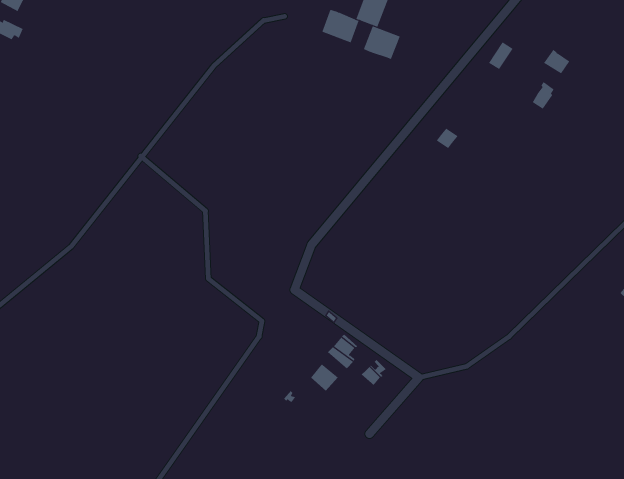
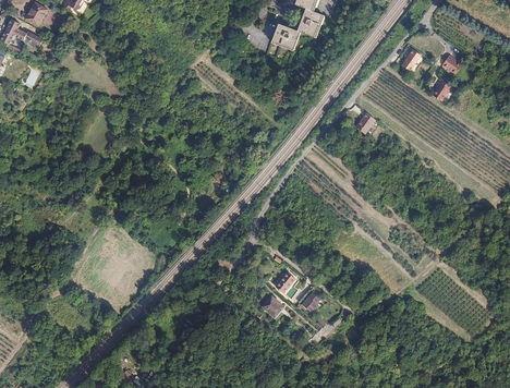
building: [363,25,400,60] -> none

